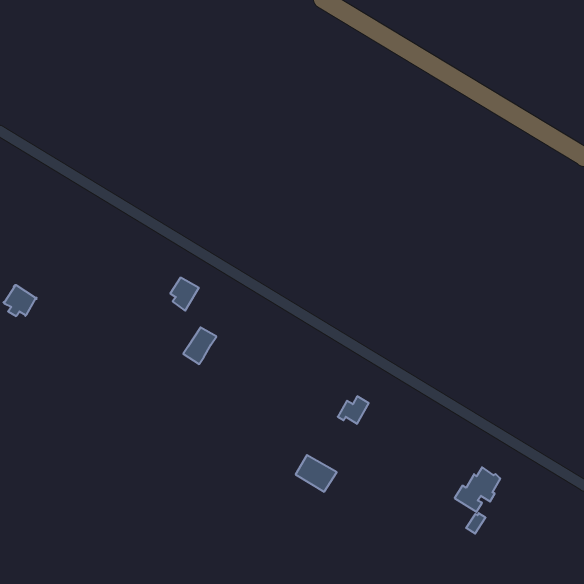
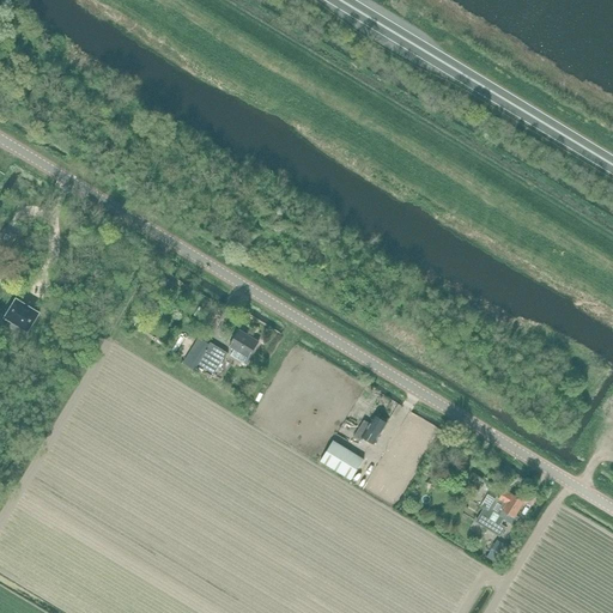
building: [170,278,199,311] -> [227,329,257,364]
building: [296,455,337,492] -> [320,441,363,479]

